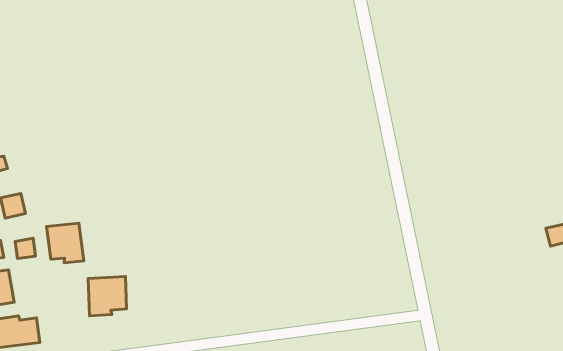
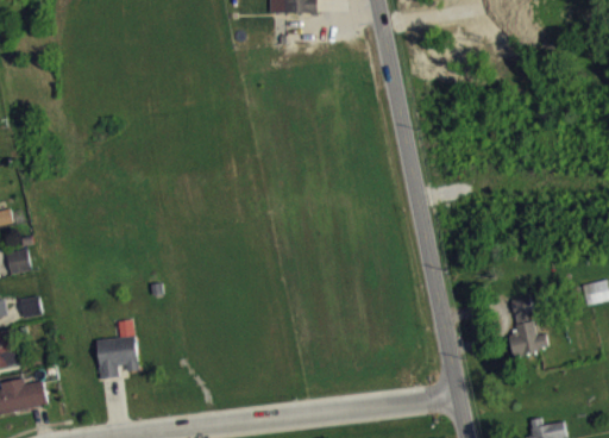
building: [47,223,84,263] -> none
building: none -> [507,295,548,355]

